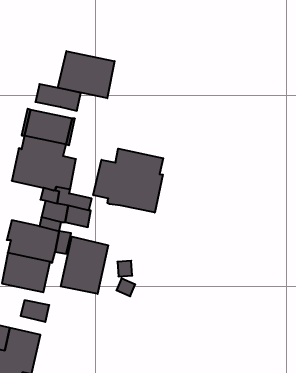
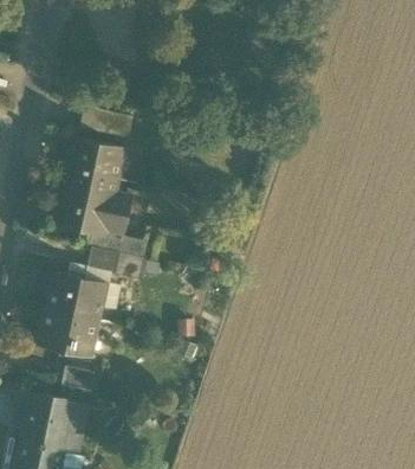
building: [58,51,115,98] -> none
building: [93,149,163,213] -> none
building: [61,237,108,294] -> none

